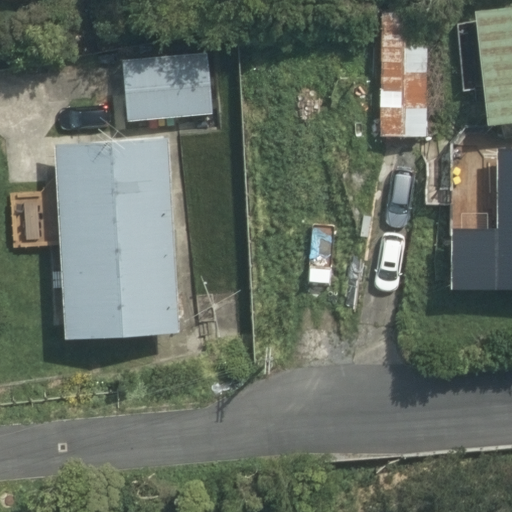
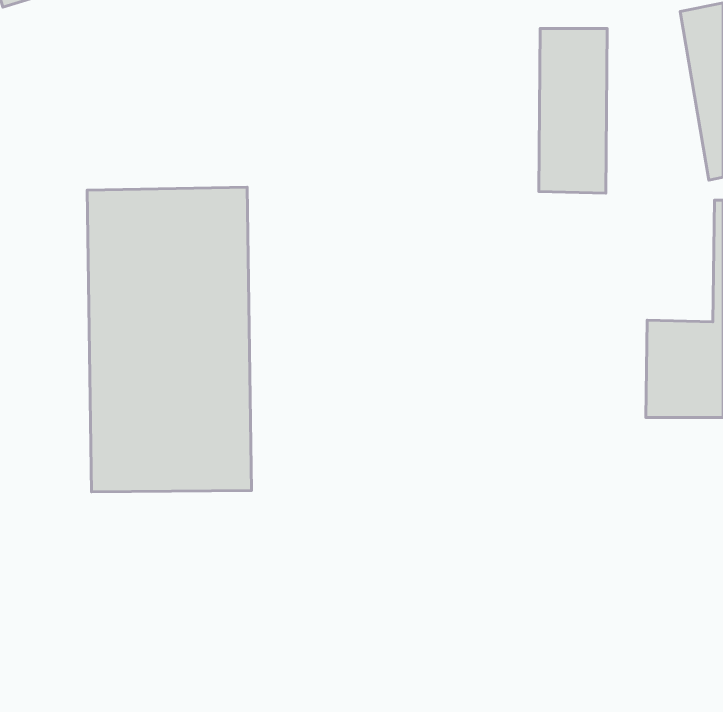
building: [121,42,215,123] -> none

